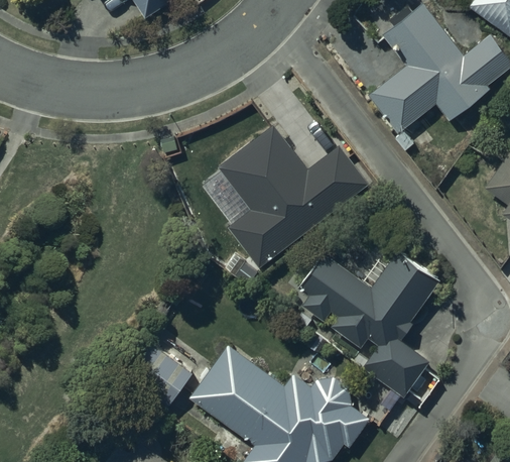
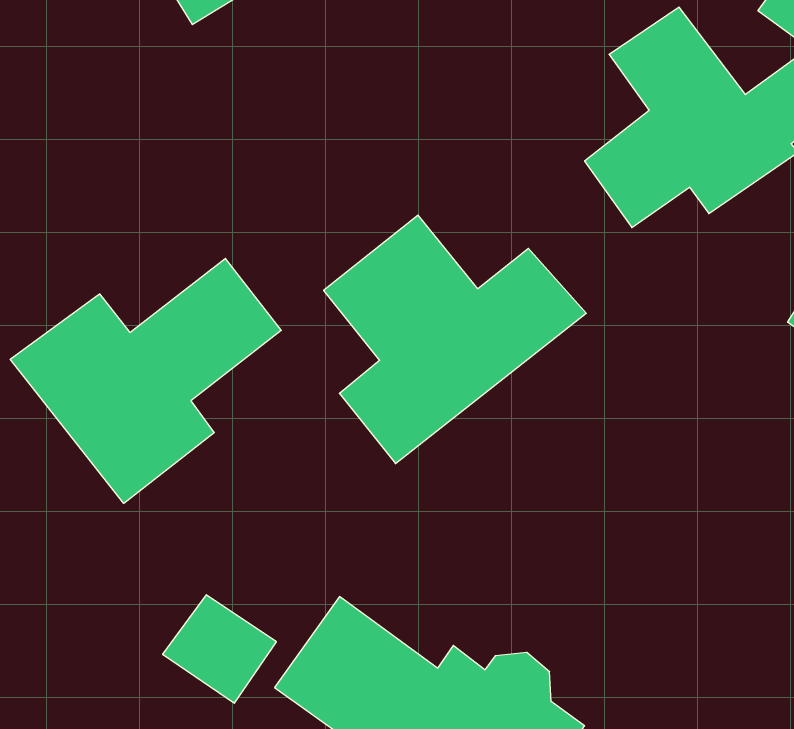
building: none -> [10,258,281,503]
building: [300,251,438,395] -> none

